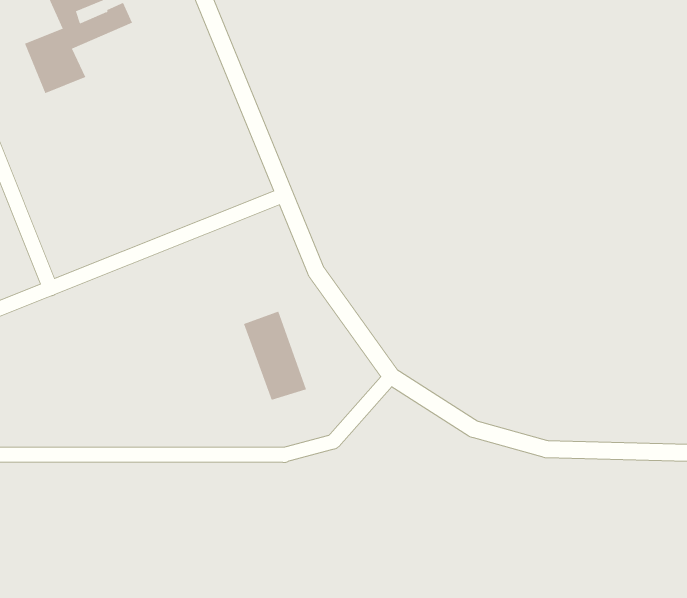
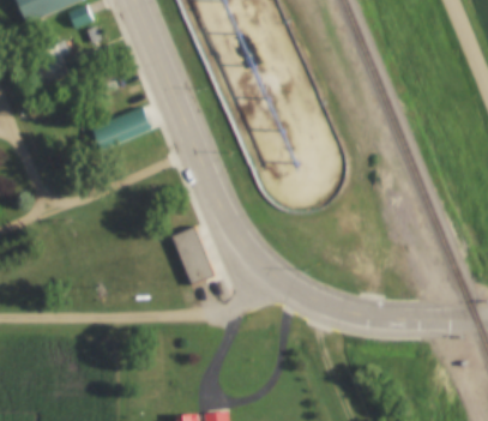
building: none -> [103,107,151,144]

